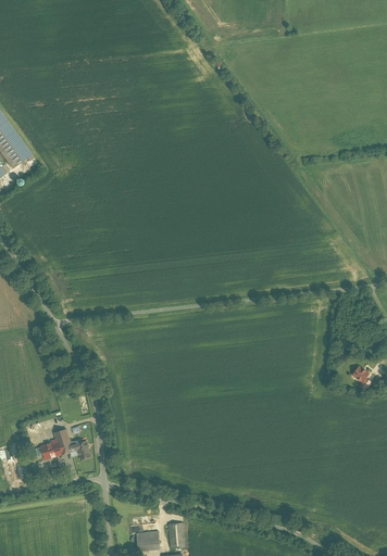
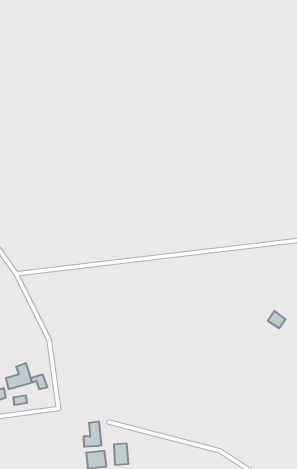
building: none -> [84,421,101,447]

